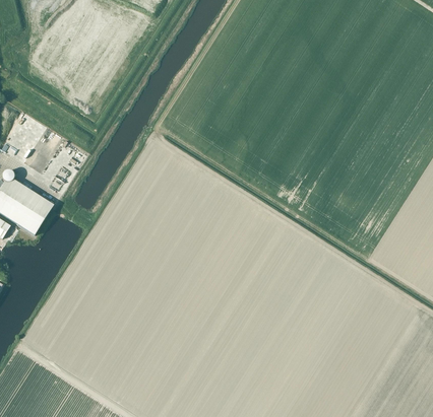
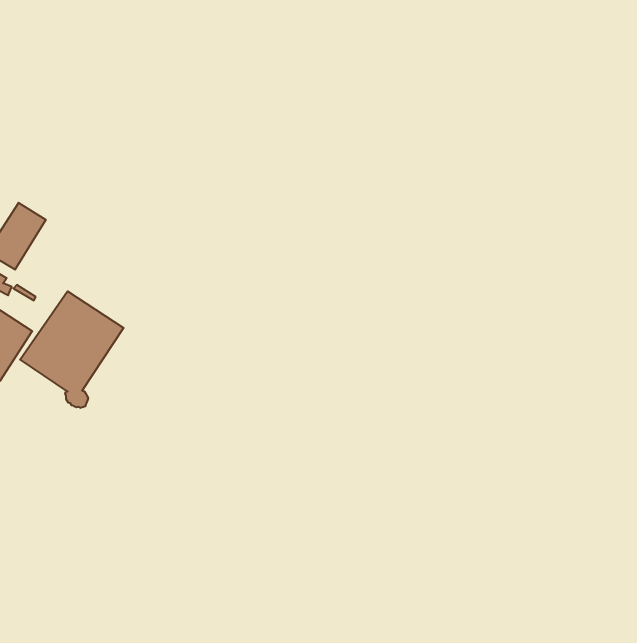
building: none -> [20,291,124,408]

